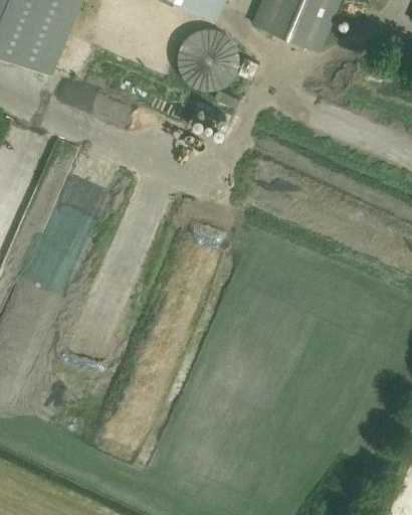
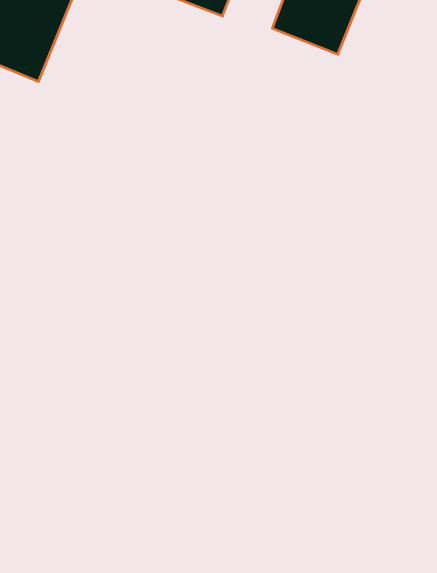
building: [177,29,238,91] -> none

